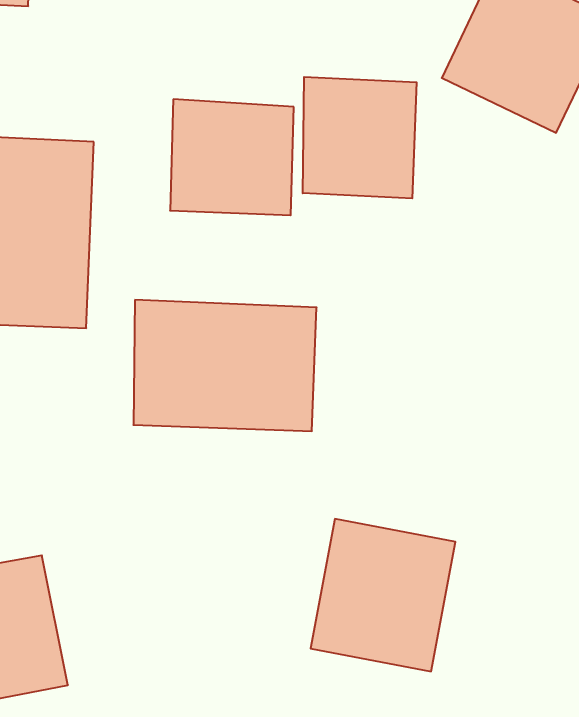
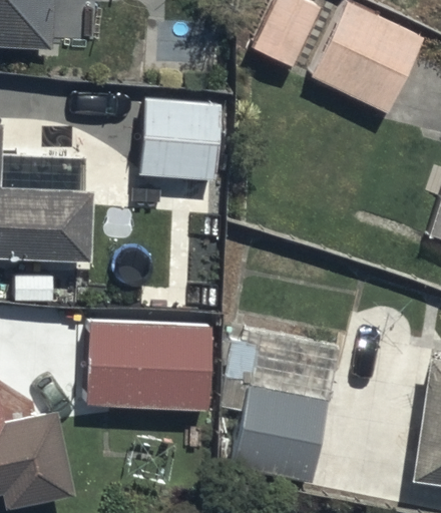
building: [303,77,417,198] -> none
building: [133,300,317,431] -> [88,326,208,412]

